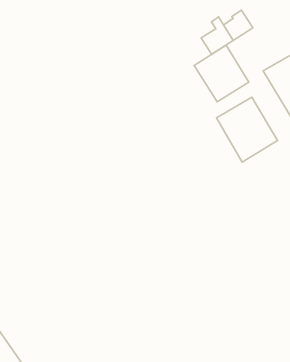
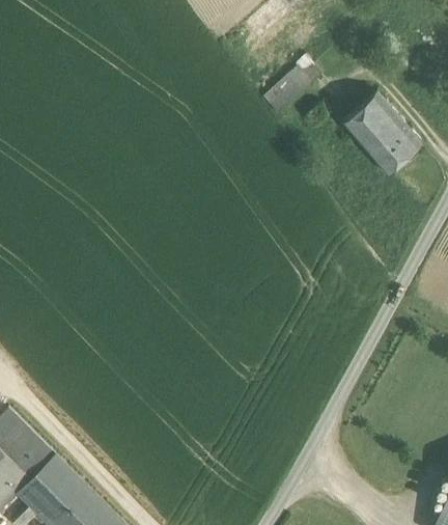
building: [194,45,249,102] -> none
building: [217,97,278,162] -> none

